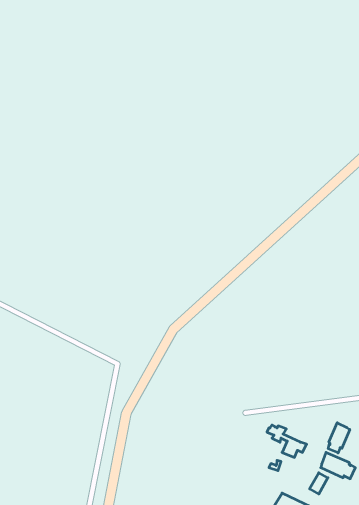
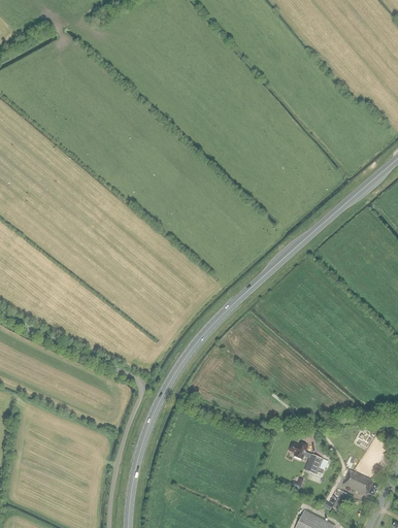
building: [328,423,350,453] -> none

